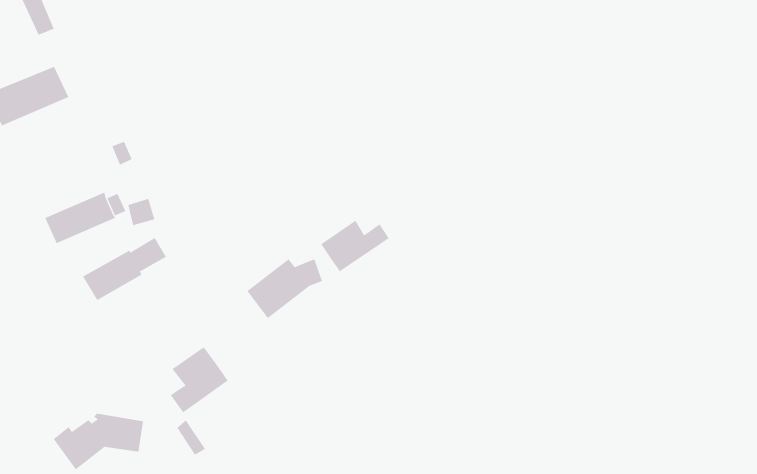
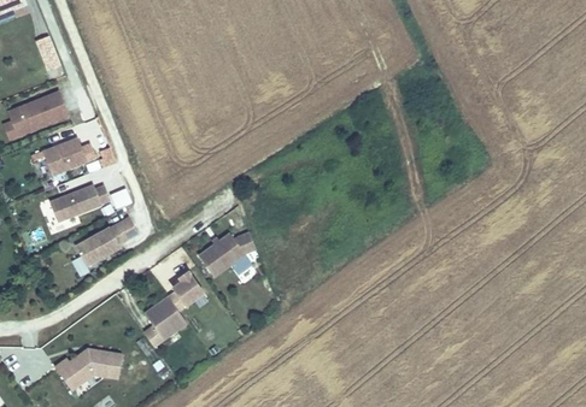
building: none -> [30,136,95,175]
building: [321,220,389,272] -> none
building: none -> [168,272,203,311]

